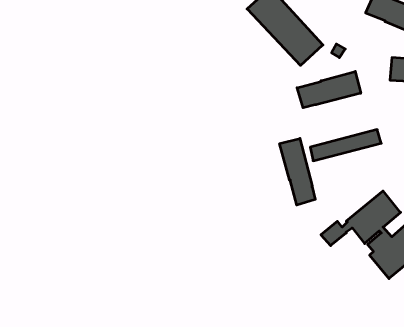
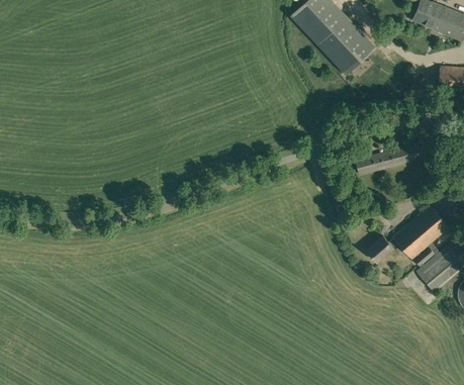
building: [297,71,361,108] -> none
building: [280,138,315,205] -> none

